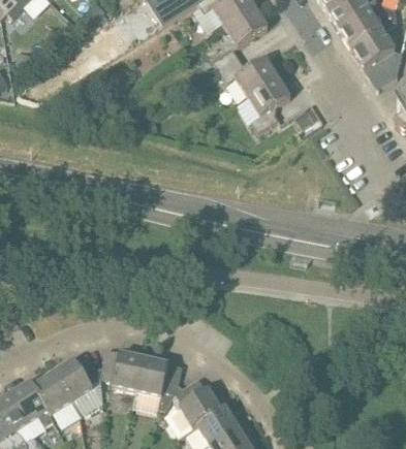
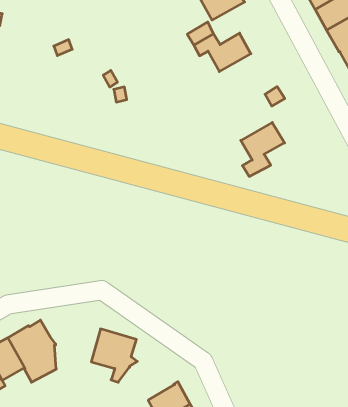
building: [247,75,290,130] -> [241,122,285,176]
building: [95,348,145,389] -> none
building: [176,377,221,426] -> none

